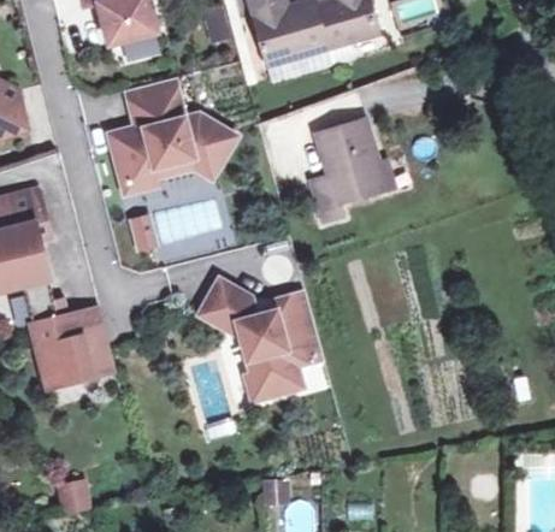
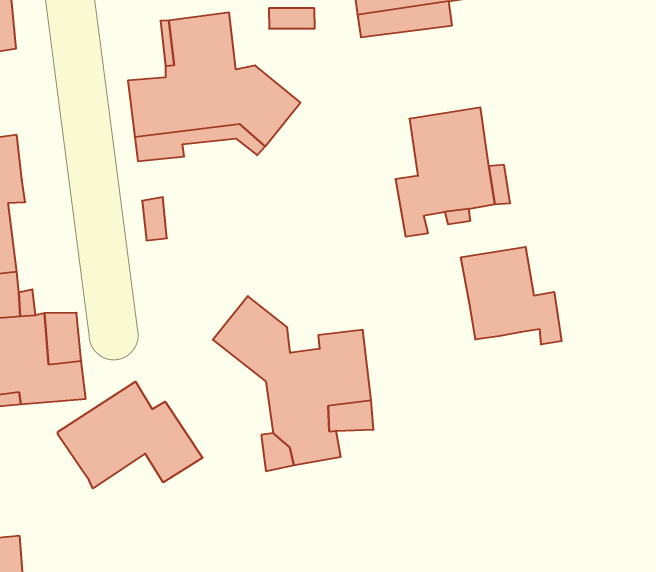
building: none -> [461,247,561,345]
building: none -> [58,382,203,488]

